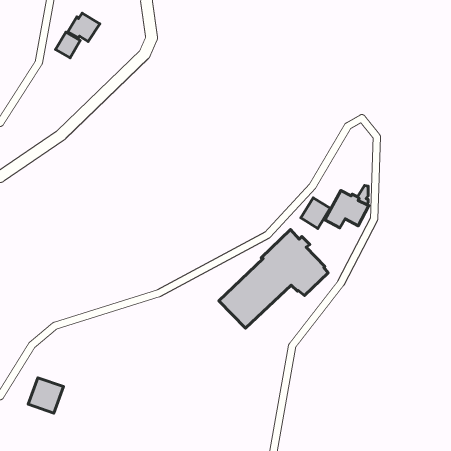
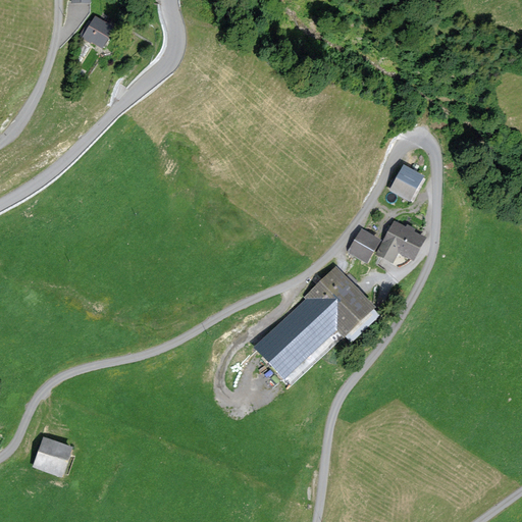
building: [56,32,80,58] -> none
building: none -> [389,164,424,201]

